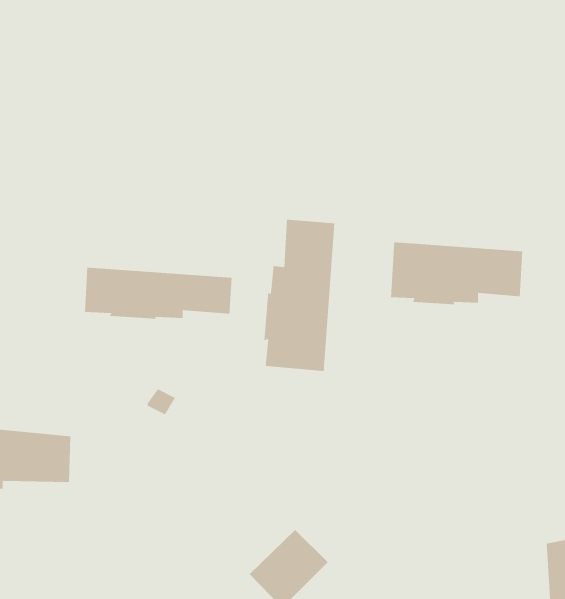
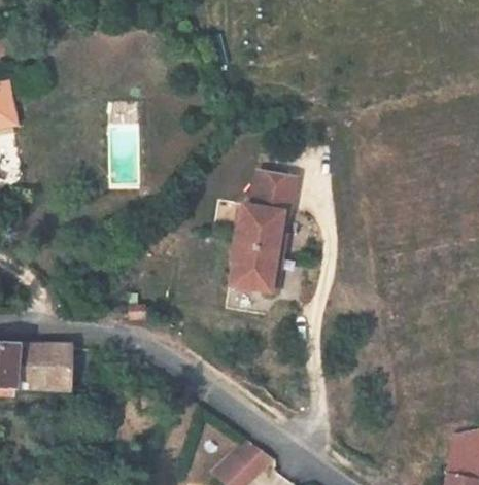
building: [391,242,523,305] -> none
building: [85,267,232,320] -> none

